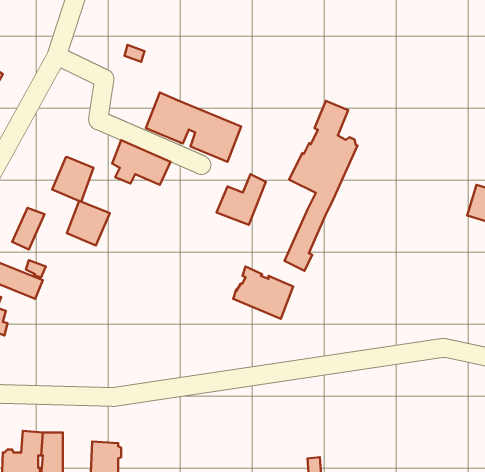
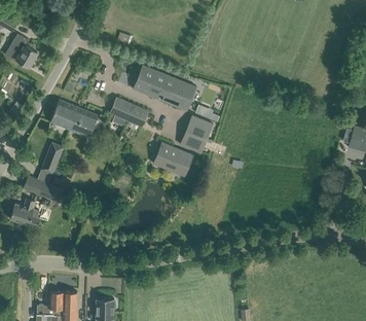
building: [285,101,358,271] -> none
building: [67,201,110,246] -> [49,100,78,130]
building: [233,267,293,319] -> [152,142,192,177]

